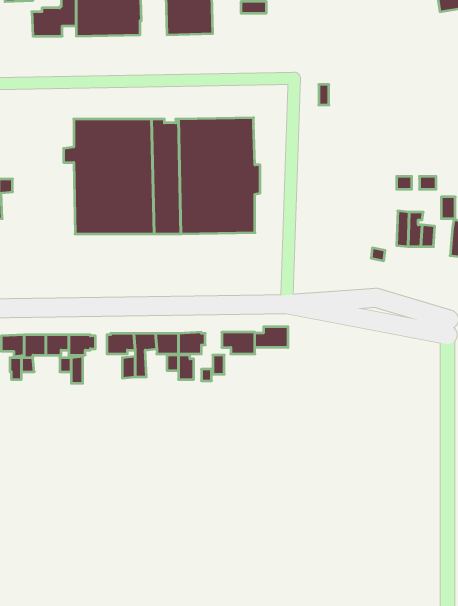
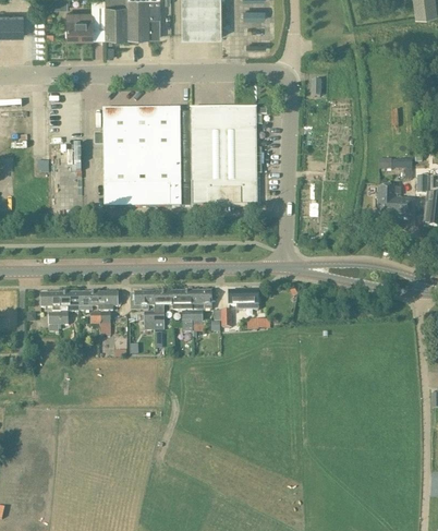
building: [255,327,288,348] -> none

